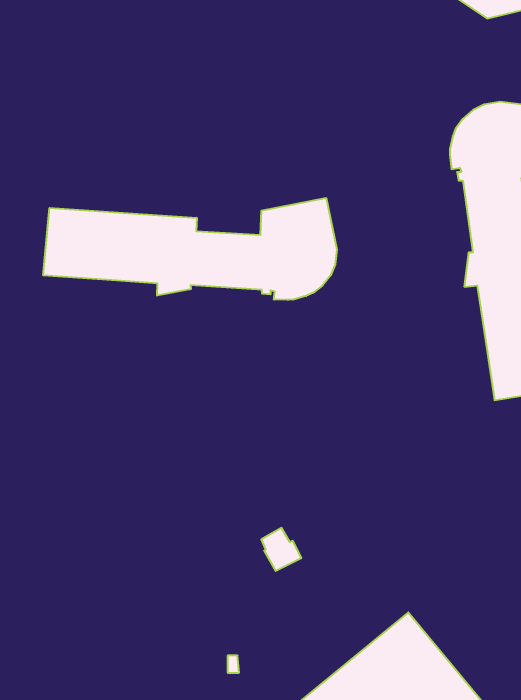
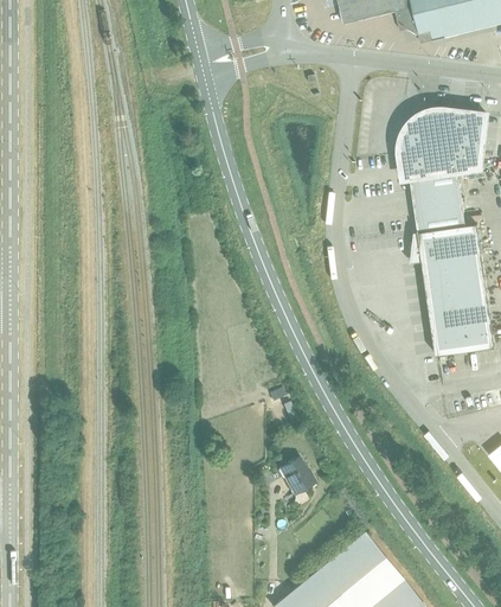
building: [43,198,337,300] -> none
building: [261,528,301,571] -> [281,458,314,493]

